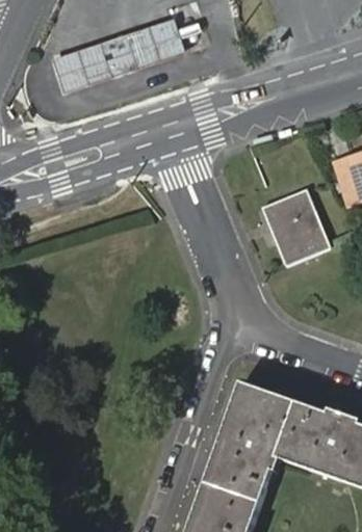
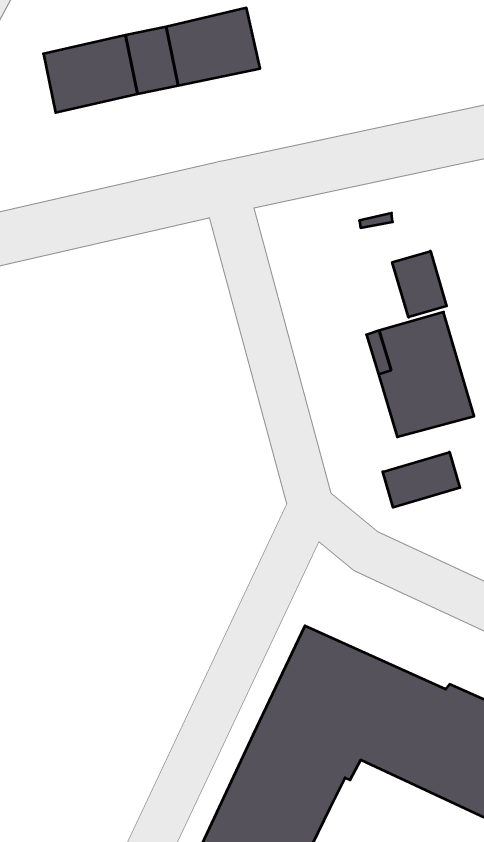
building: none -> [392,251,447,317]
building: none -> [383,452,460,507]

